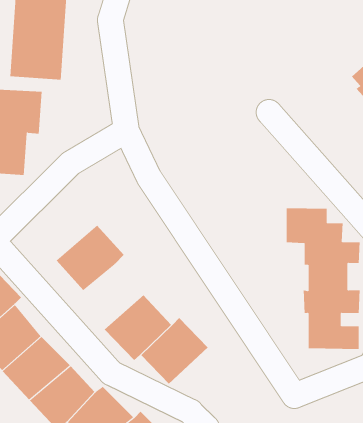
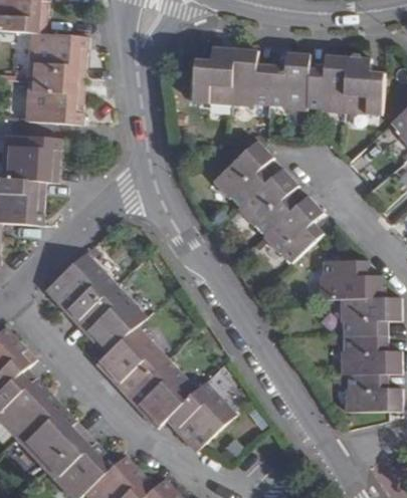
building: none -> [190,47,384,115]
building: none -> [211,141,325,265]
building: none -> [45,249,119,318]
building: none -> [95,322,168,392]

